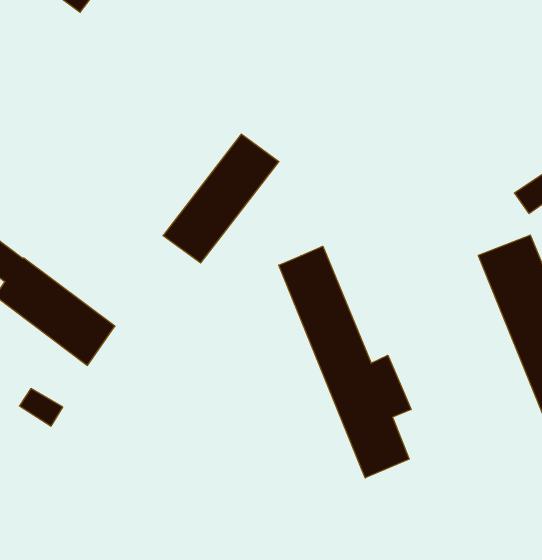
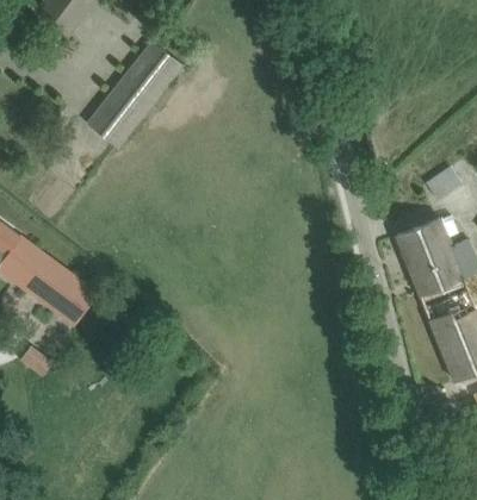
building: [163,134,279,263] -> [86,40,181,146]
building: [279,246,411,478] -> none

